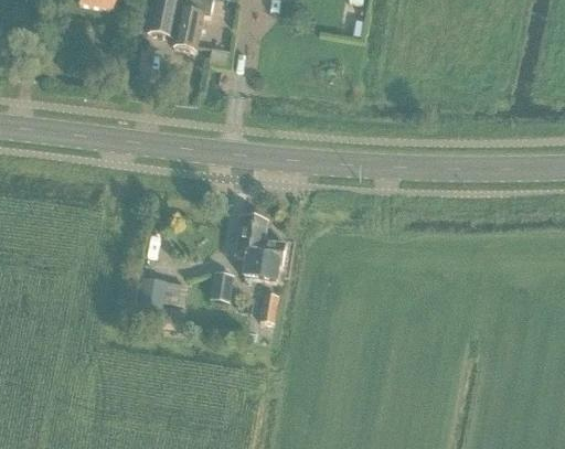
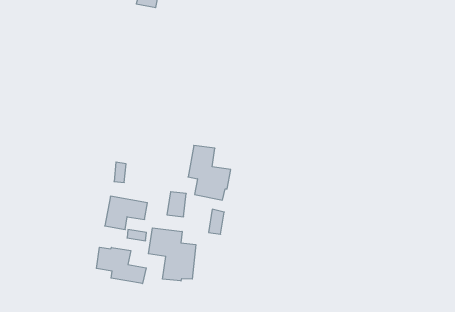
building: none -> [148,228,196,281]
building: none -> [96,247,146,284]

